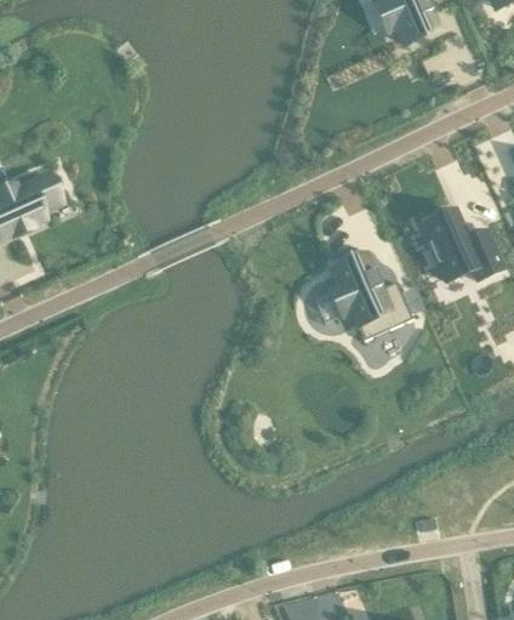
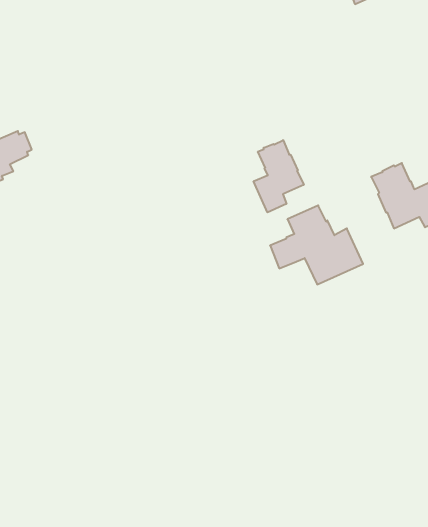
building: none -> [254,140,304,212]

